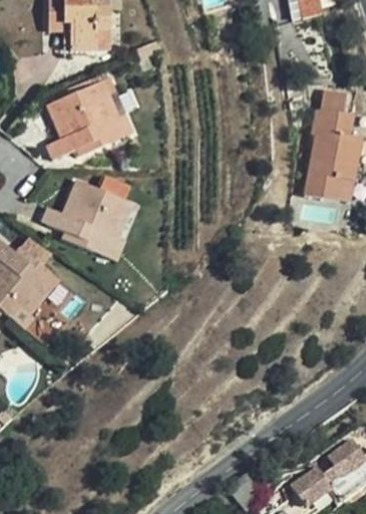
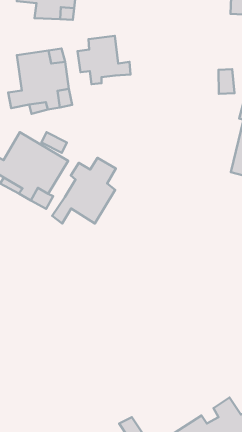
building: none -> [78,36,130,84]
building: none -> [52,158,116,224]

